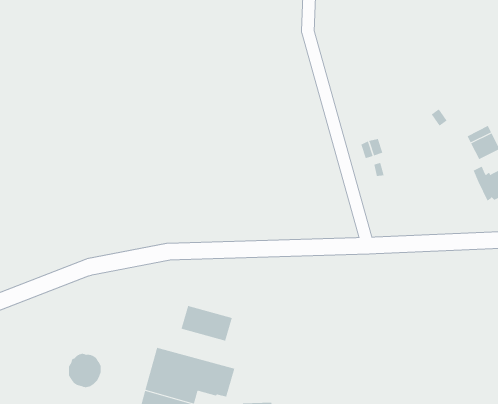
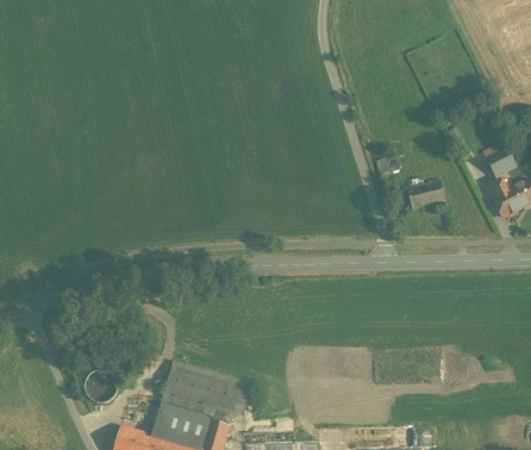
building: none -> [407,180,445,210]
building: [181,305,233,342] -> none

